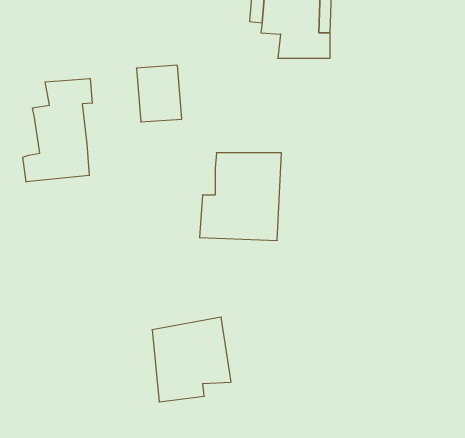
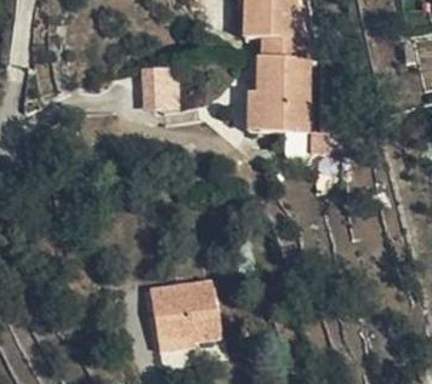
building: [23,78,92,182] -> none
building: [200,153,281,240] -> [245,57,316,132]

